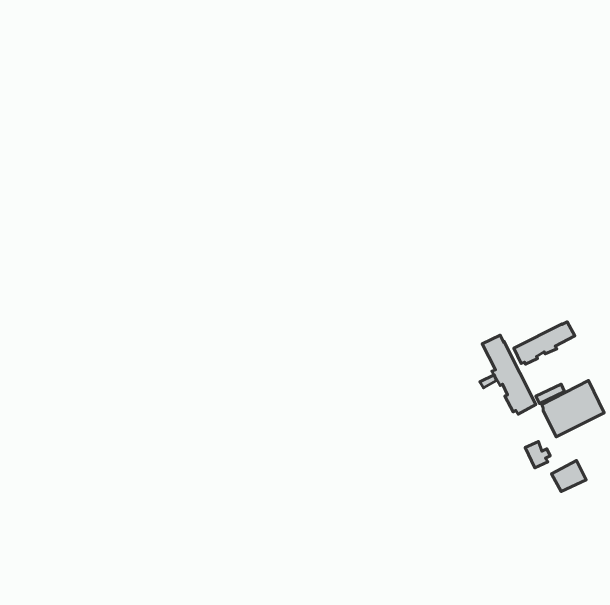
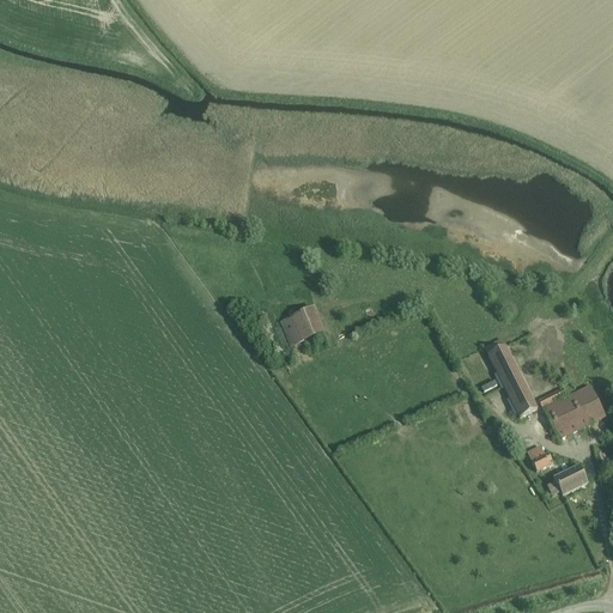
building: none -> [277,304,324,345]
building: [514,322,575,364] -> none

